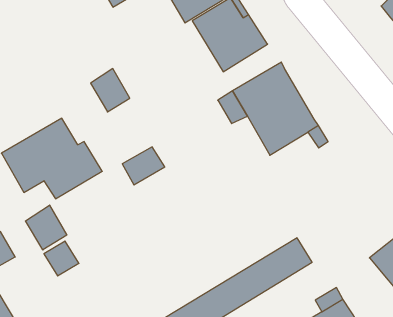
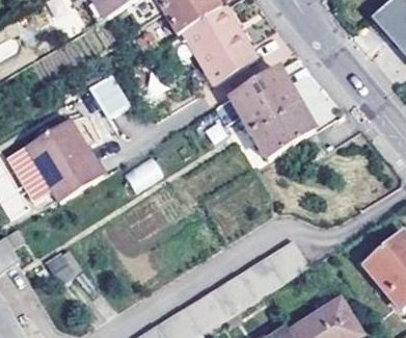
building: [25,205,67,250] -> none

